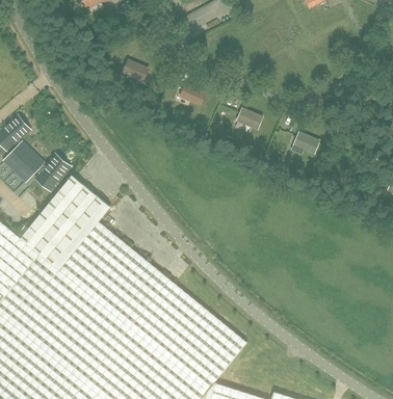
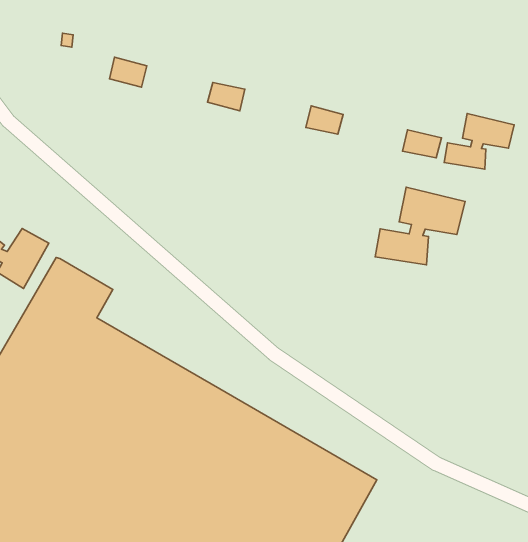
building: none -> [444,114,514,169]
building: none -> [375,187,465,265]

